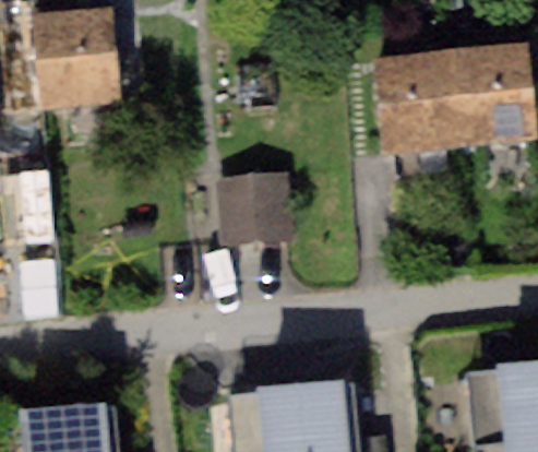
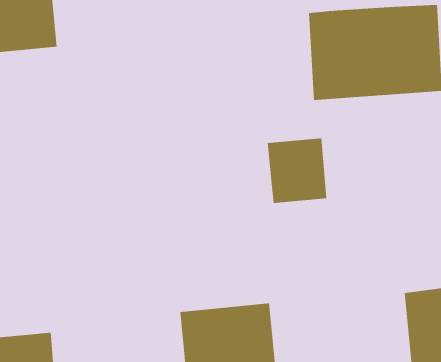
building: [219,171,285,242] -> [267,138,327,203]

